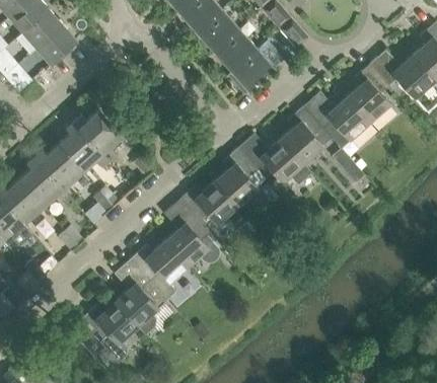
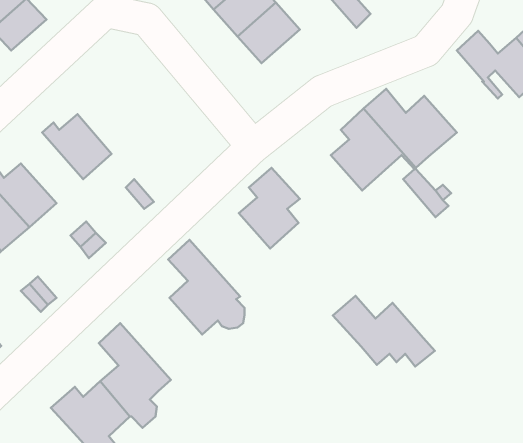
building: [231,49,276,95] -> none
building: [348,64,391,123] -> none
building: [59,123,111,173] -> none
building: [238,134,311,184] -> [333,296,435,366]
building: [179,180,237,240] -> none
building: [130,241,189,300] -> none

